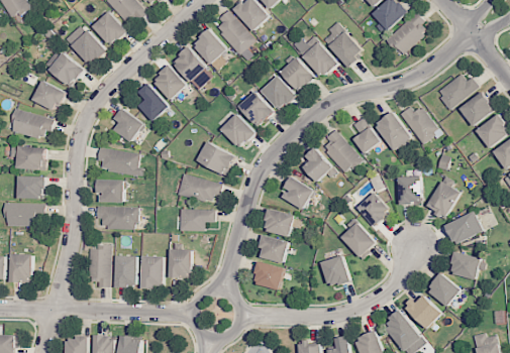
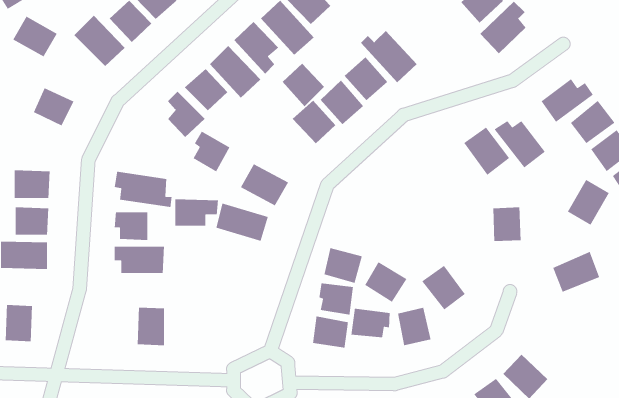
building: [320,23,364,67] -> none
building: [46,52,83,86] -> [12,16,58,58]
building: [113,109,143,142] -> [192,131,231,173]
building: [10,110,50,138] -> none
building: [220,113,254,148] -> [282,63,325,107]
building: [352,117,380,153] -> none
building: [319,131,361,173] -> none
building: [300,149,336,182] -> none
building: [280,177,314,210] -> [364,261,407,303]
building: [425,181,460,218] -> [567,179,610,226]
building: [356,192,390,225] -> none
building: [179,209,214,231] -> [174,199,219,226]
building: [88,246,111,287] -> none
building: [169,249,191,276] -> none
building: [448,252,485,279] -> none
building: none -> [351,308,391,338]
building: [140,256,164,287] -> none
building: [426,273,460,307] -> none

